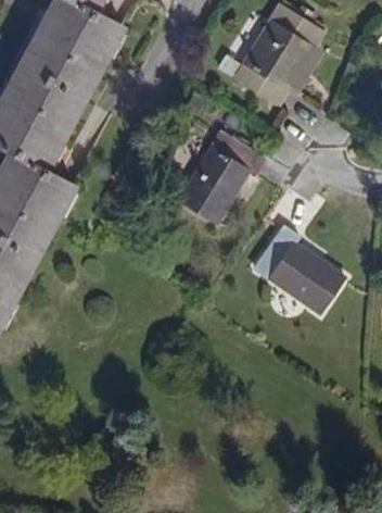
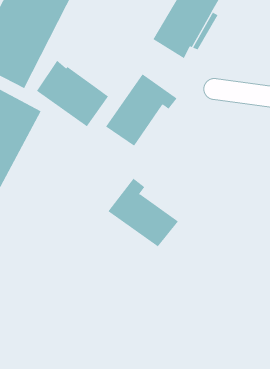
building: none -> [36,60,109,127]
building: [246,227,336,315] -> [107,178,179,247]

